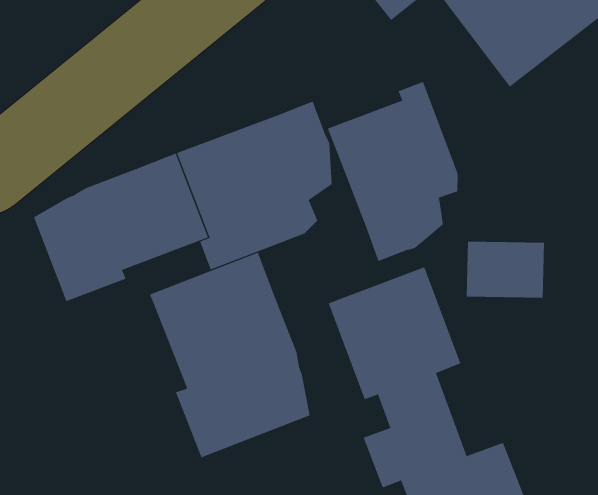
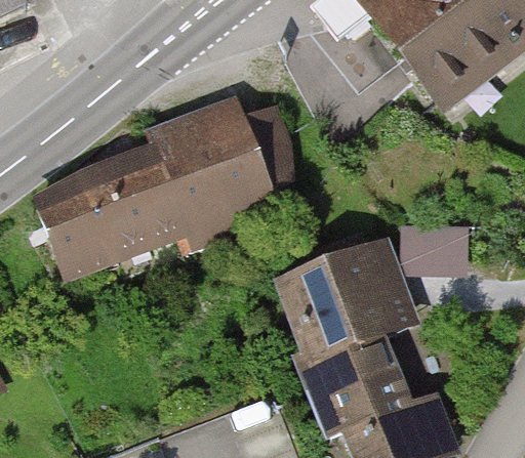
building: [327,81,458,262] -> none
building: [149,252,310,458] -> none

